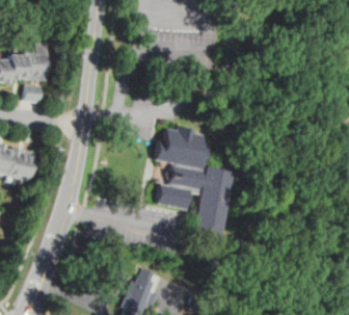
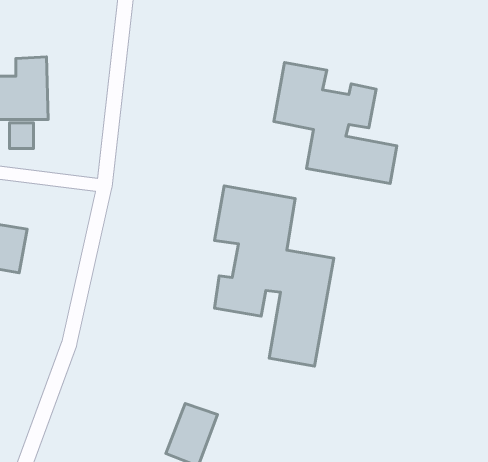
building: none -> [274,62,397,183]

